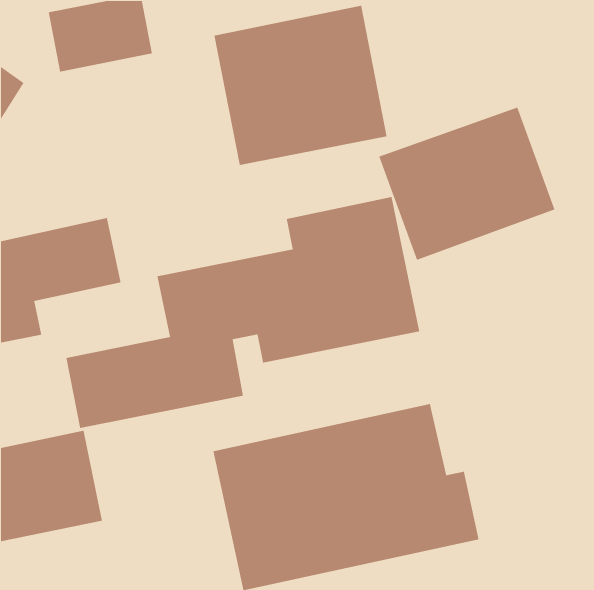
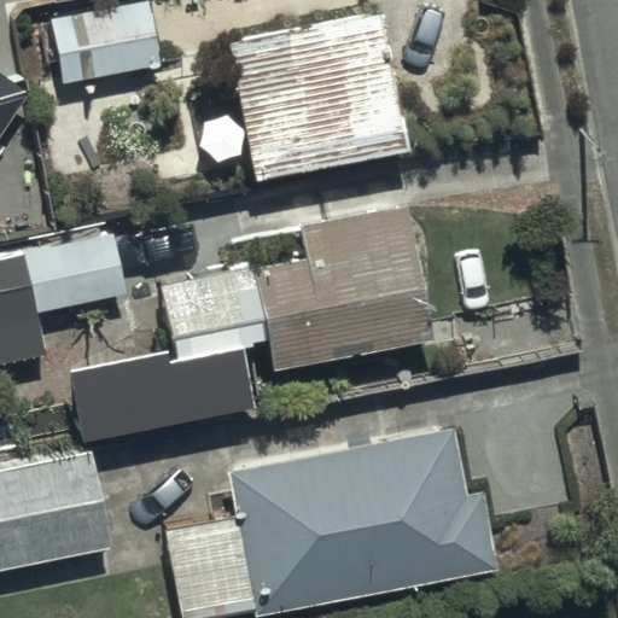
building: [378,106,556,261] -> none

